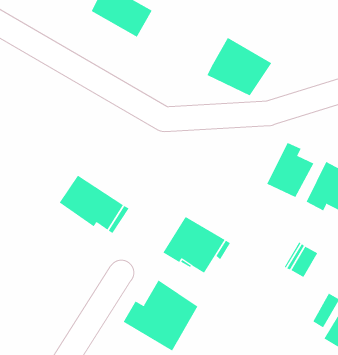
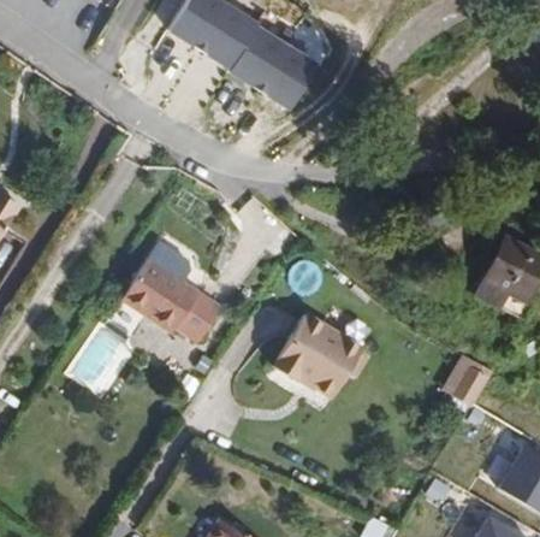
building: [206,37,272,96] -> [225,22,319,106]
building: [266,142,314,198] -> none
building: [123,280,198,352] -> none

